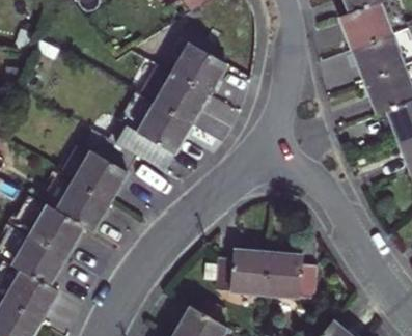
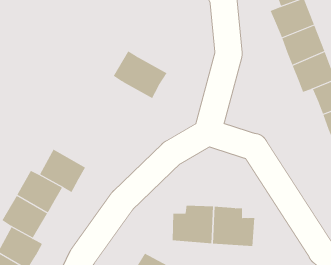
building: [175,43,227,92] -> none
building: [141,103,193,151] -> none
building: [76,134,141,203] -> none

